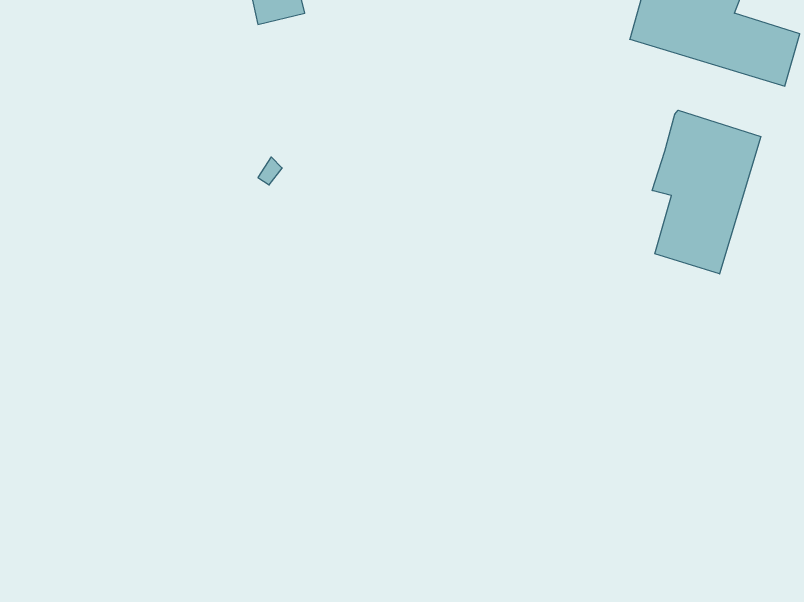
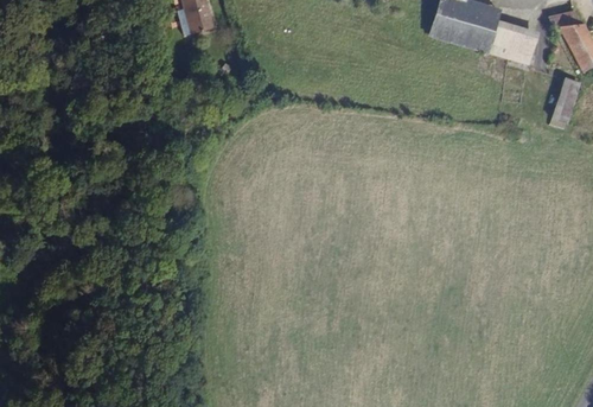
building: [652,110,761,274] -> none

